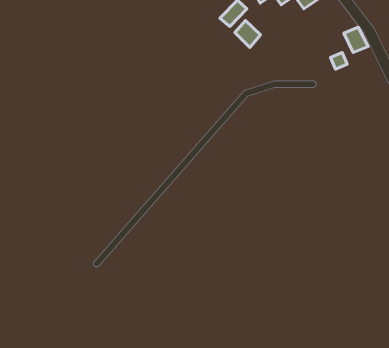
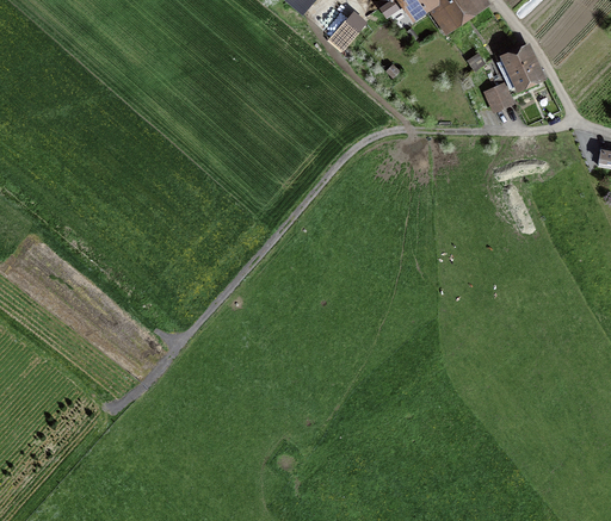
building: [235,20,260,48] -> none

